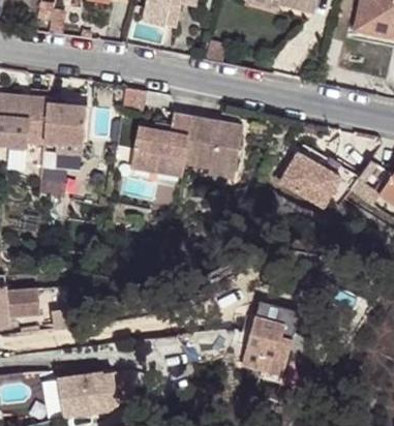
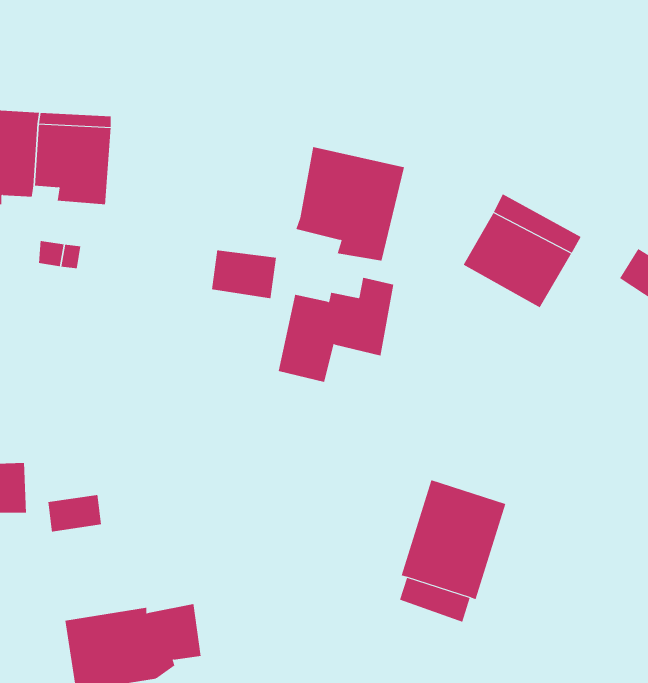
building: [132,113,196,171] -> [278,277,394,382]

